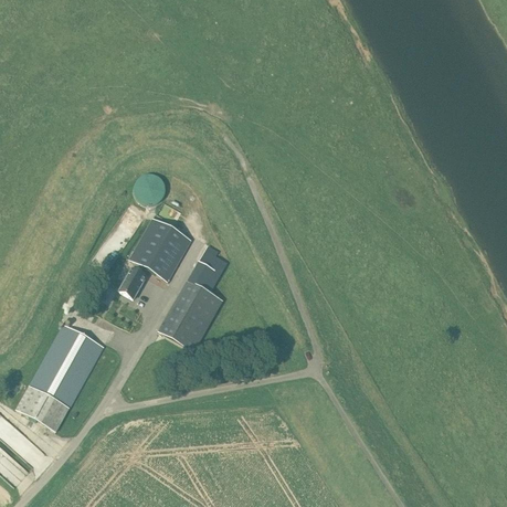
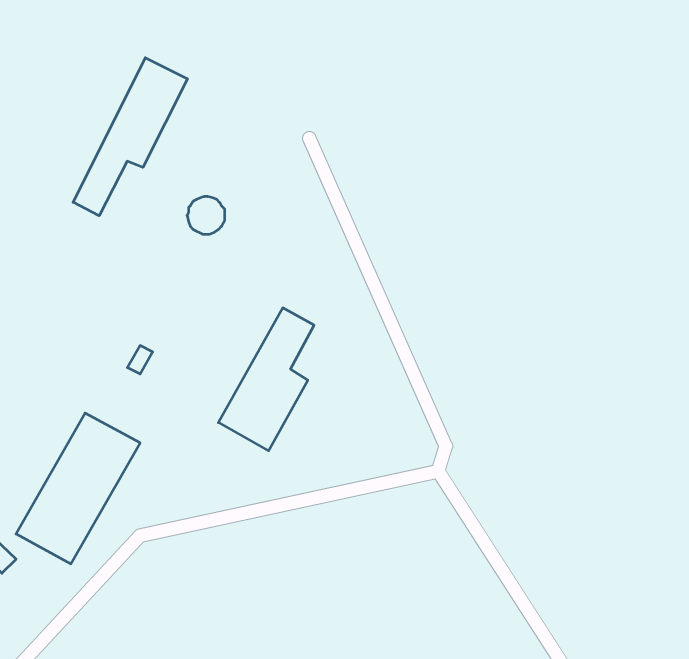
building: none -> [73,58,187,216]
building: [120,218,191,297] -> none

